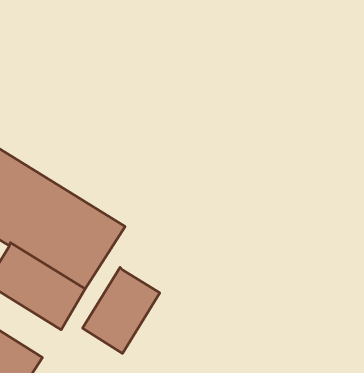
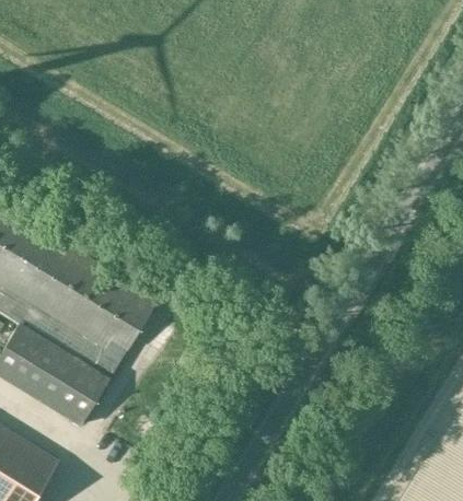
building: [83,267,160,354] -> none

